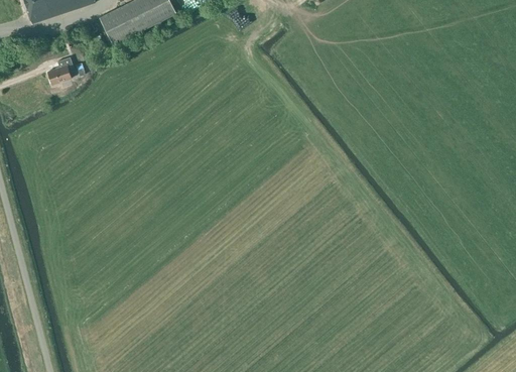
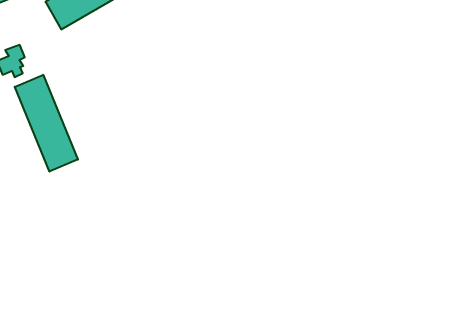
building: none -> [15,75,78,172]

